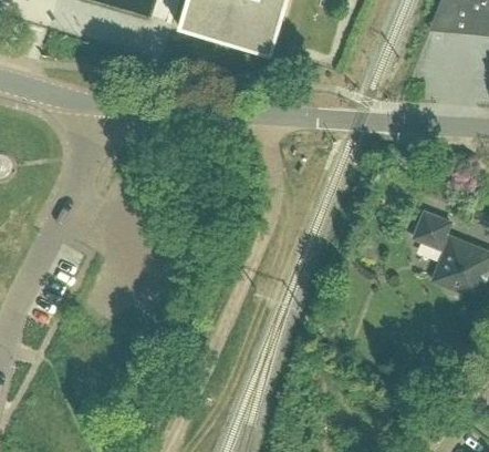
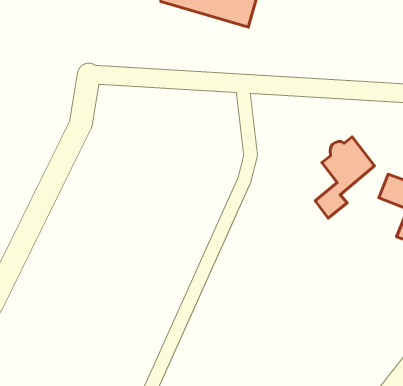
building: none -> [315,137,375,218]

